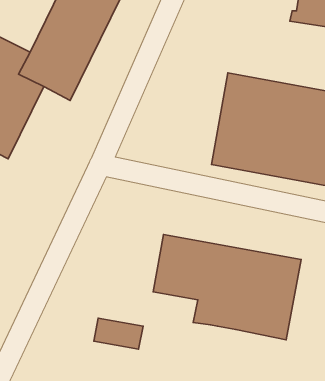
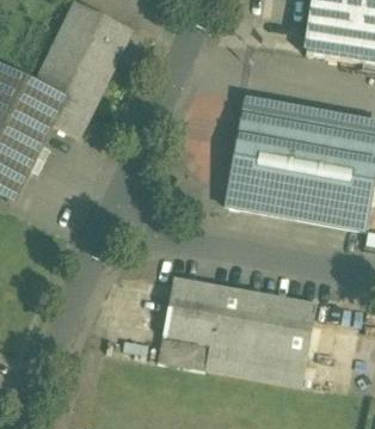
building: [94,318,143,349] -> [159,335,210,367]

